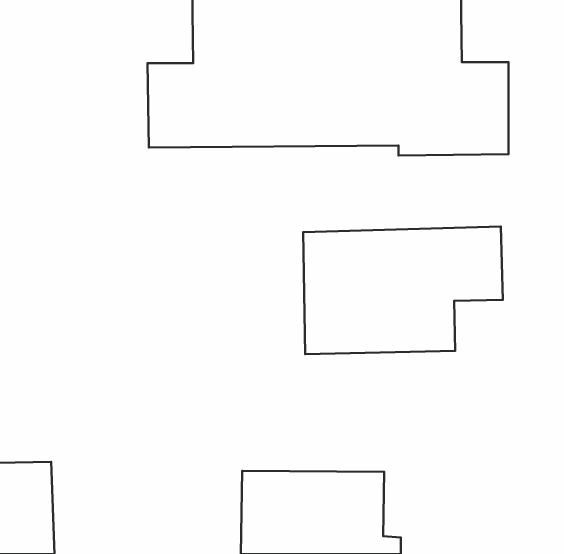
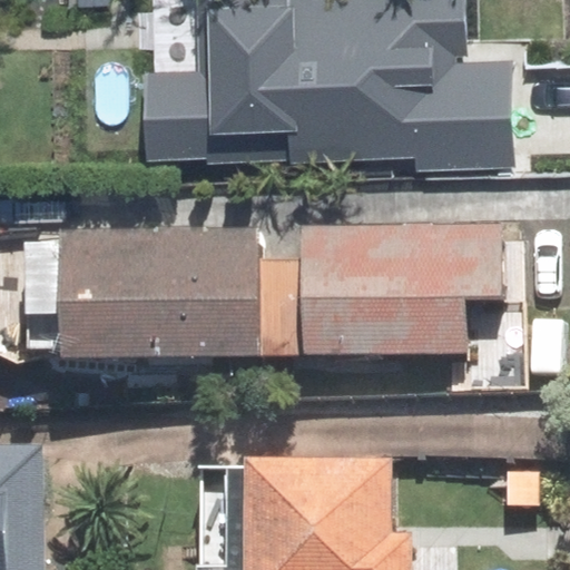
building: none -> [53,233,252,366]

